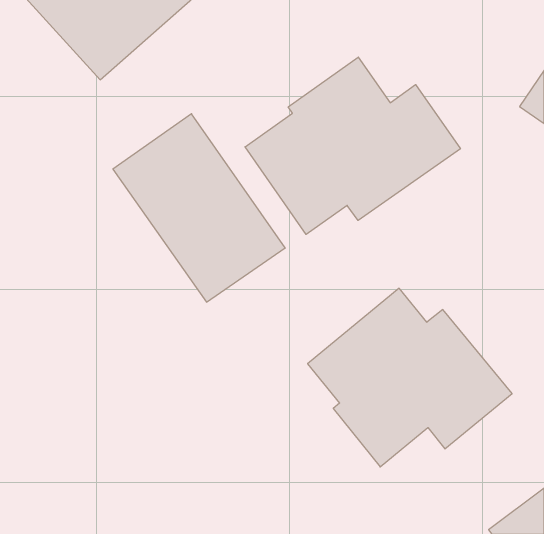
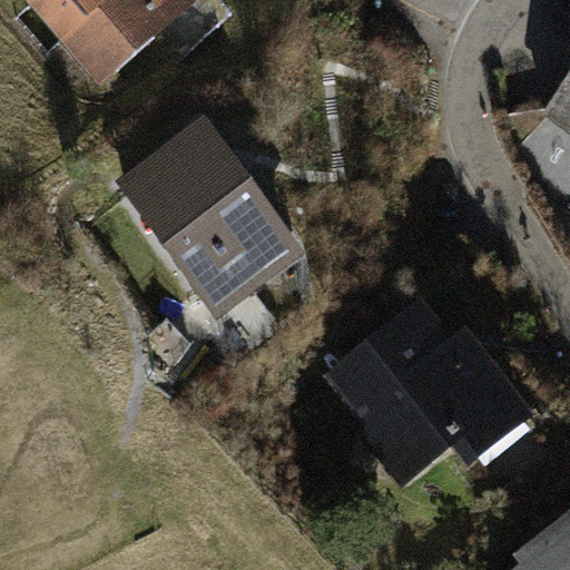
building: [245,57,460,234] -> none

